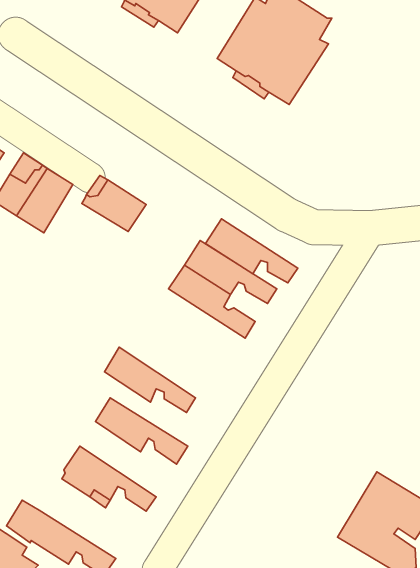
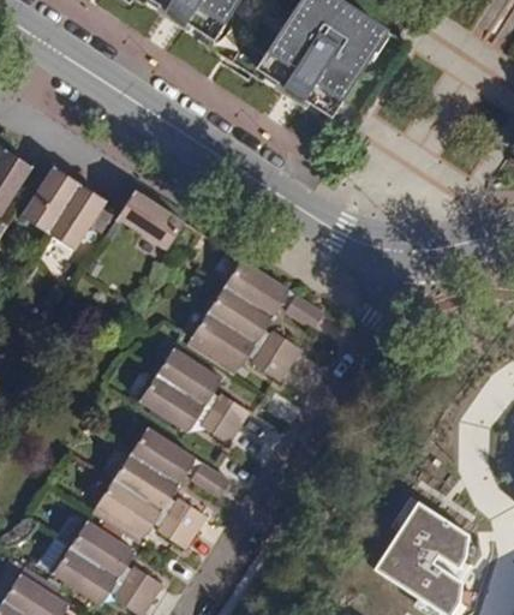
building: [206,219,298,283] -> [191,311,289,380]
building: none -> [155,347,247,428]
building: none -> [113,453,204,533]
building: none -> [70,523,161,599]

